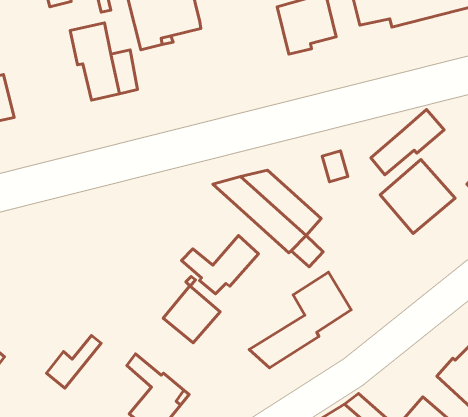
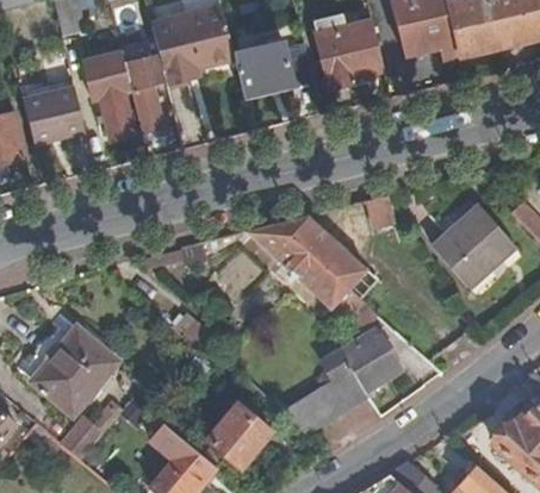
building: none -> [230,40,291,96]
building: none -> [23,86,85,142]
building: [371,109,444,175] -> none
building: [181,236,258,294] -> none
building: none -> [31,327,114,412]
building: [163,286,220,343] -> [209,402,272,466]

